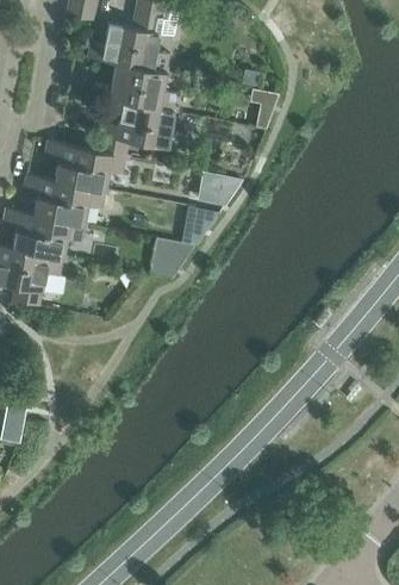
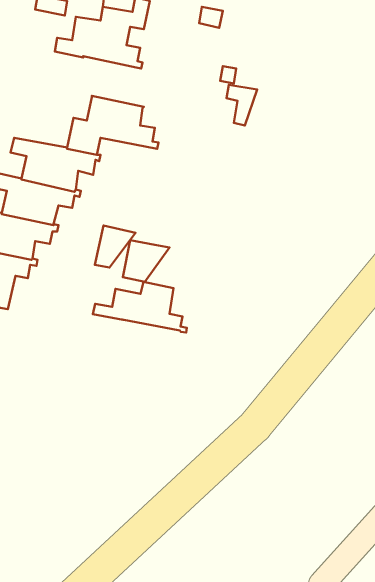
building: [91,61,174,111] -> none
building: [199,172,242,205] -> none
building: [180,205,219,245] -> [95,225,136,267]
building: none -> [93,282,187,333]

